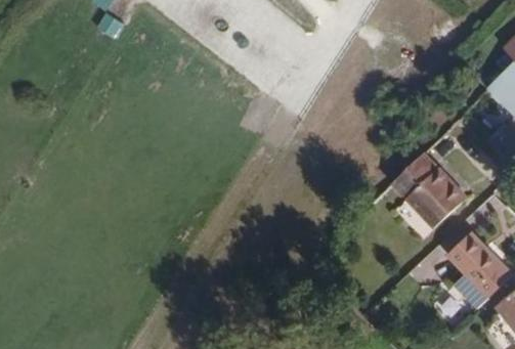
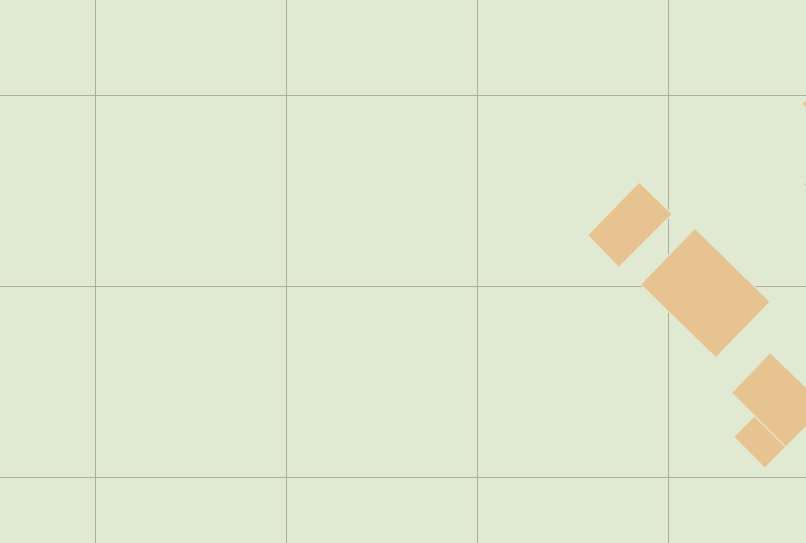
building: none -> [587,182,672,267]

